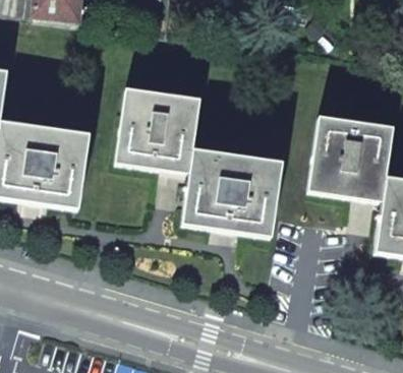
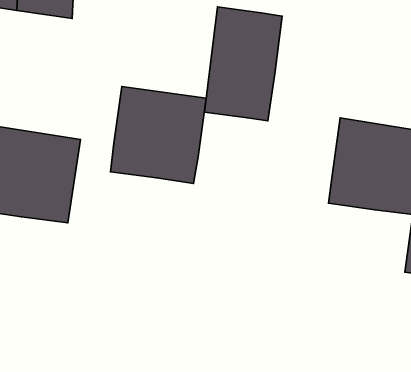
building: none -> [205,7,282,121]
building: [182,150,282,237] -> none

